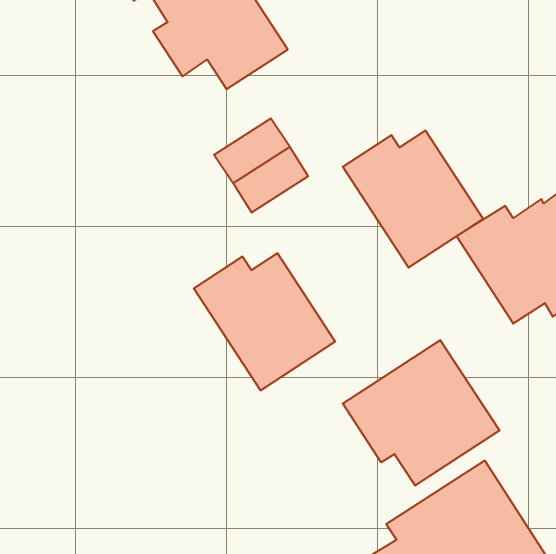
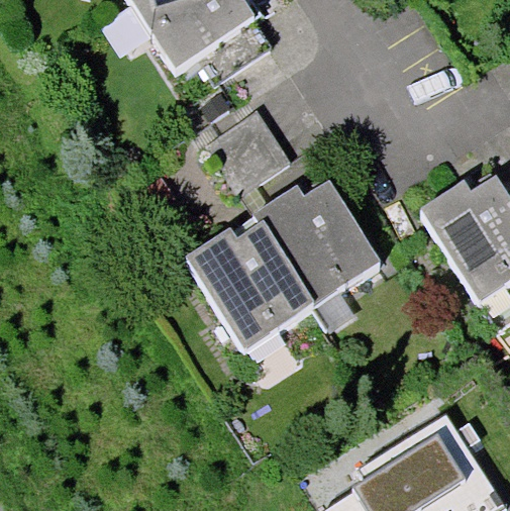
building: [343,130,483,268] -> [253,185,379,307]
building: [343,340,500,486] -> none

